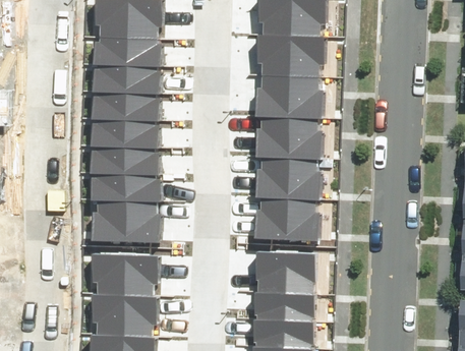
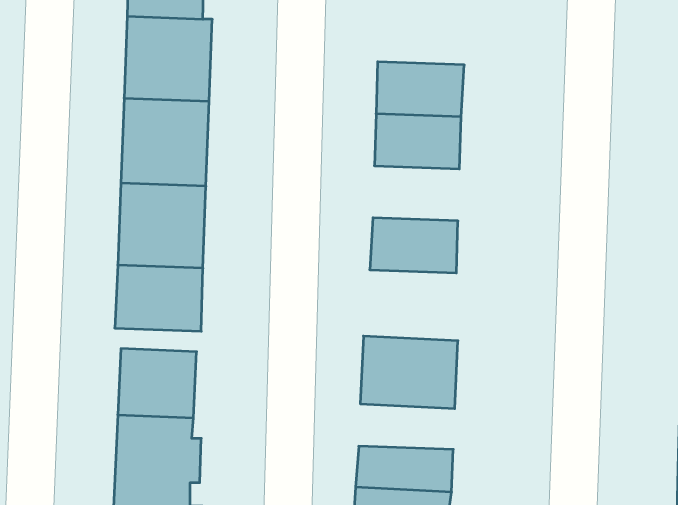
building: [266,19,323,56] -> none
building: [263,121,318,157] -> none
building: [259,188,316,224] -> none
building: [253,275,315,304] -> none

